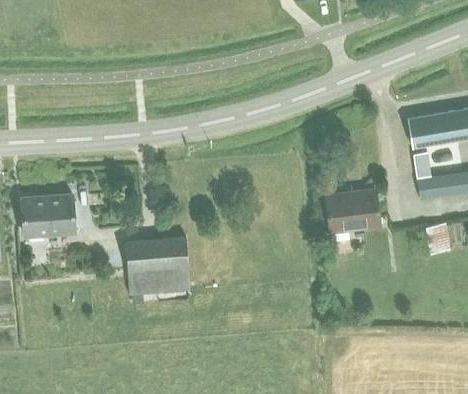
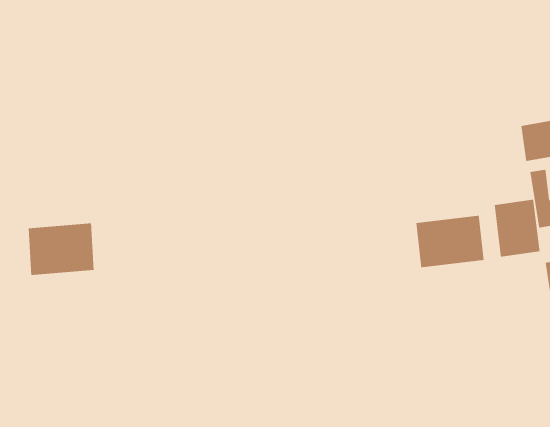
building: none -> [494,199,540,258]
building: [125,238,189,294] -> none

